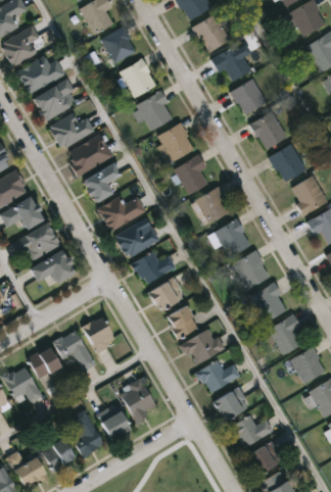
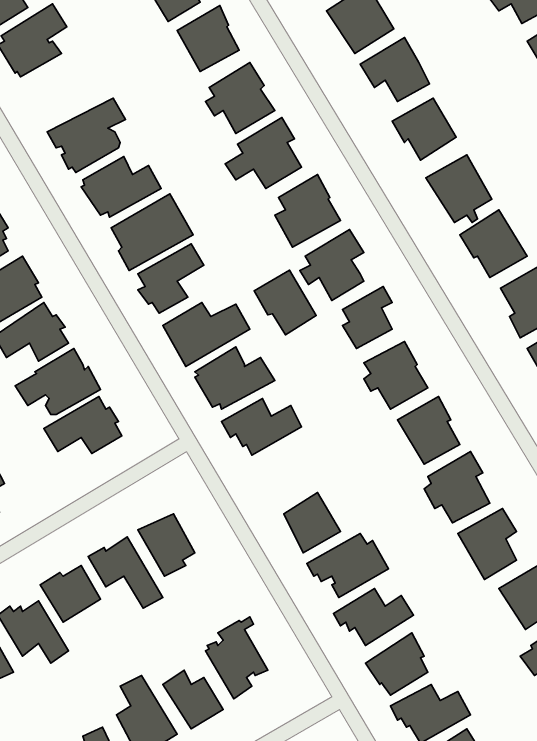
building: [16,56,66,95] -> none
building: none -> [254,270,316,335]
building: [149,277,187,311] -> none

